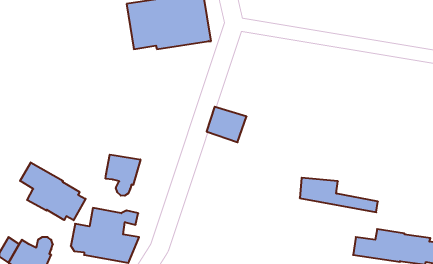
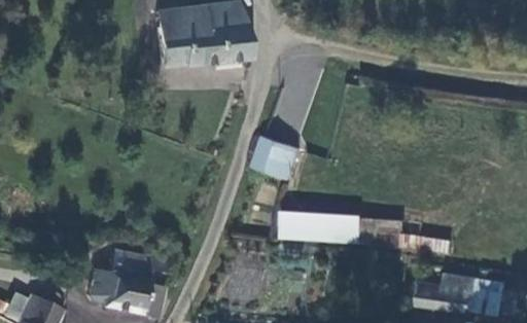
building: [106,155,140,196] -> none
building: [20,162,86,220] -> none
building: none -> [275,205,357,240]

